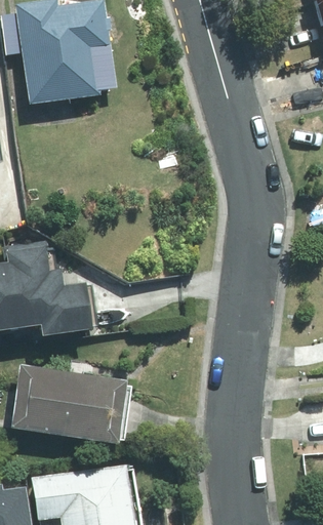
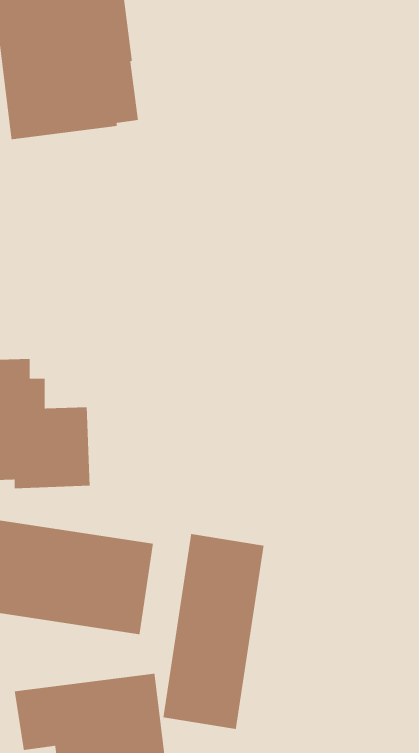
building: none -> [163,533,265,730]

